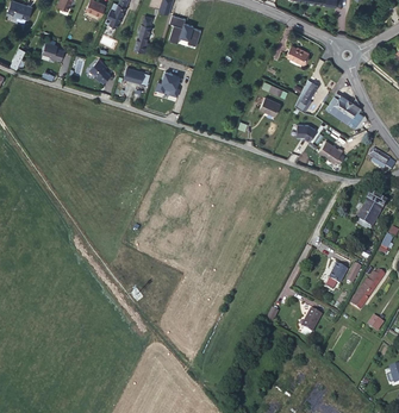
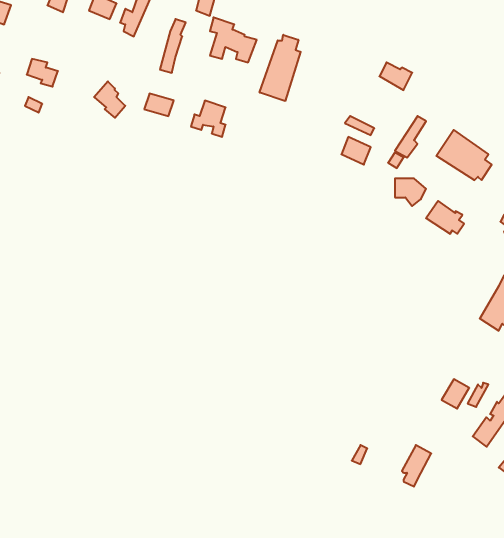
building: none -> [260,35,301,101]

